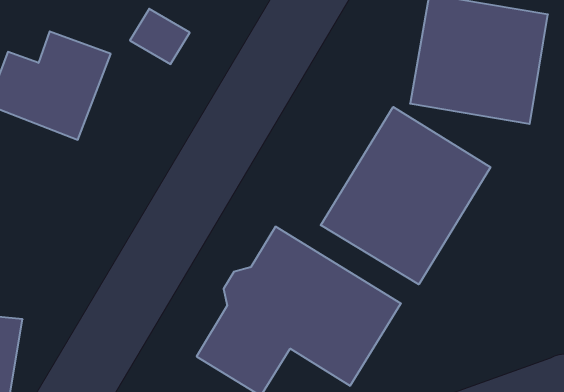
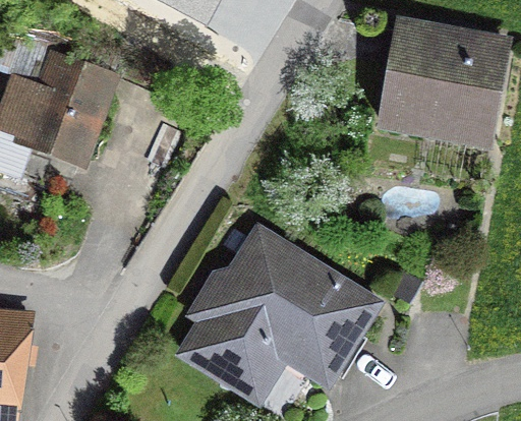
building: [321,107,490,284] -> none

